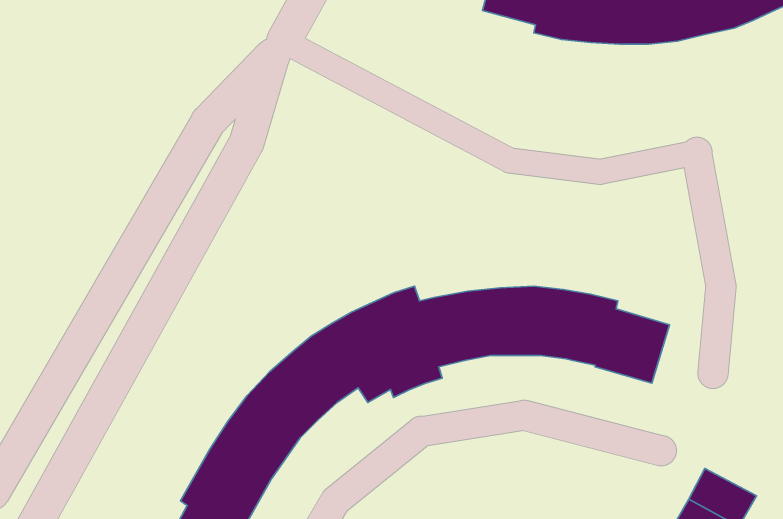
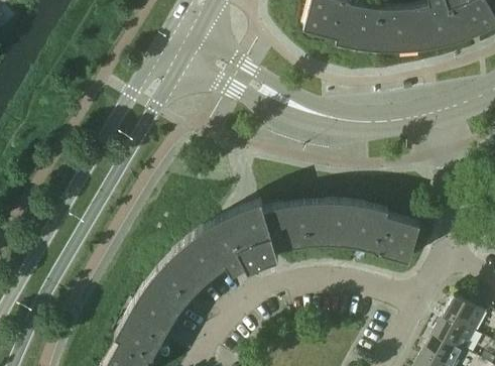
building: none -> [444,295,487,333]

